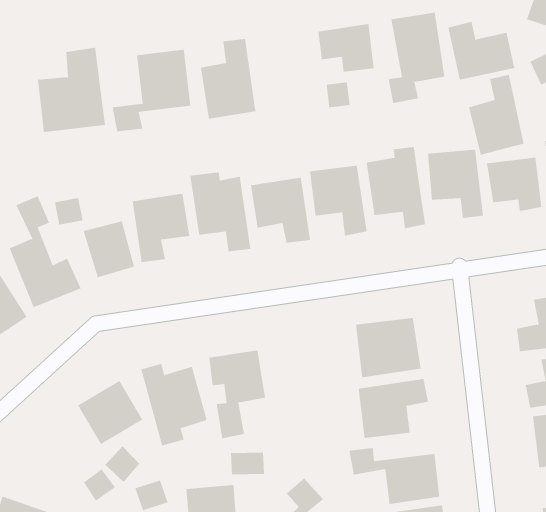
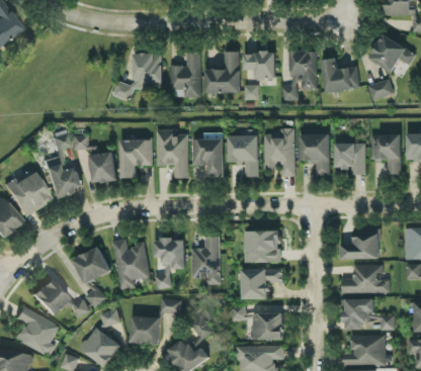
building: none -> [205,52,239,93]
building: [37,47,106,133] -> none
building: [469,74,524,155] -> none
building: none -> [190,236,221,284]
building: none -> [30,278,68,315]

